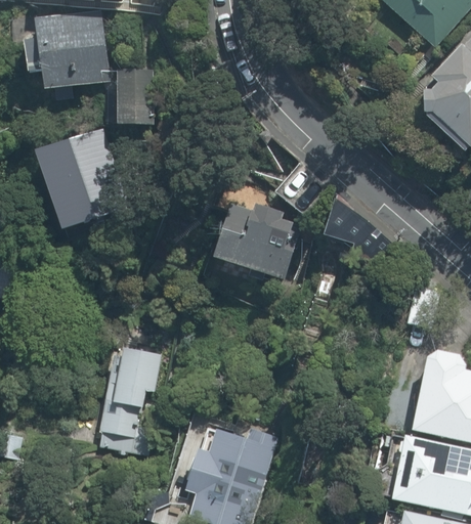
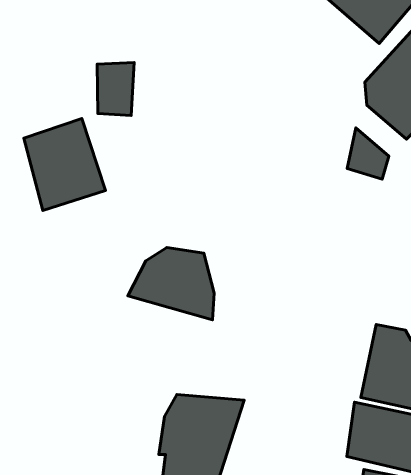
building: [38,10,121,91] -> none
building: [329,192,374,248] -> [347,128,389,179]
building: [216,204,309,281] -> [128,248,214,320]
building: [93,340,163,456] -> none

